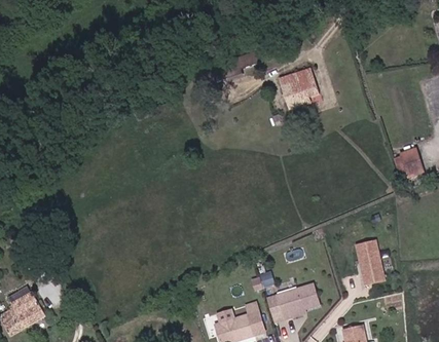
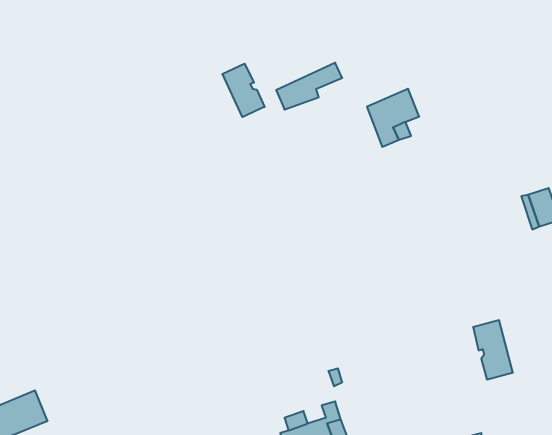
building: none -> [222,64,265,117]
building: [275,283,319,320] -> none

